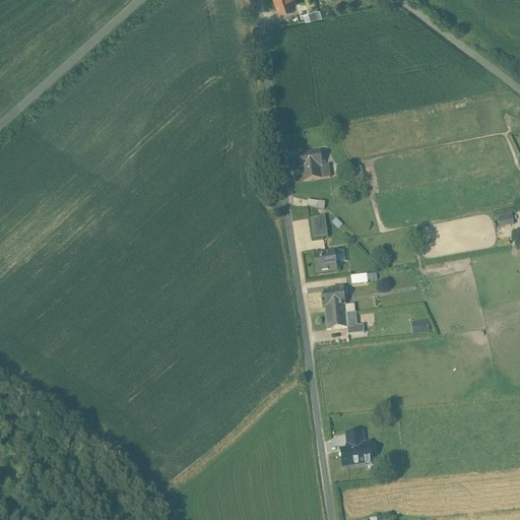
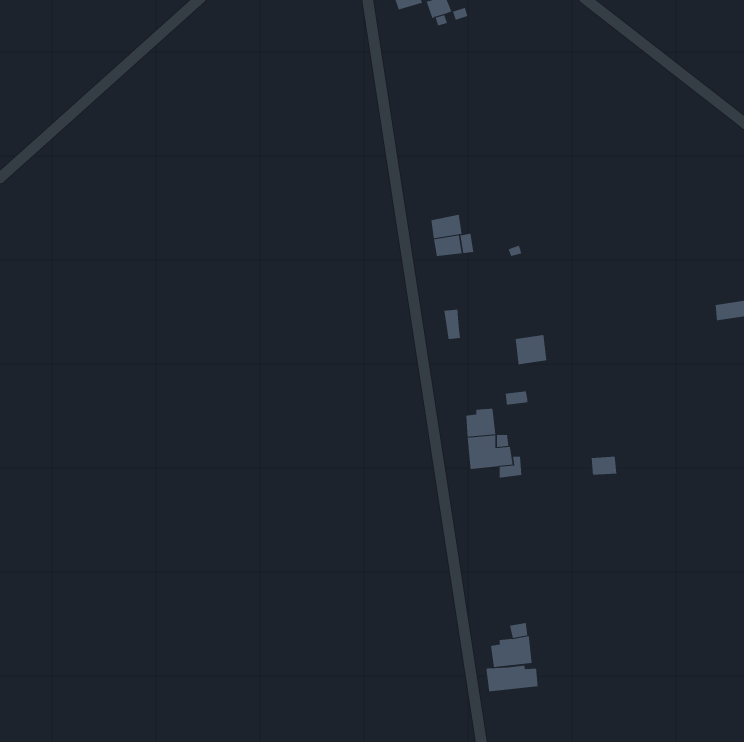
building: [315,250,337,271] -> [515,334,547,365]
building: none -> [486,665,538,692]

